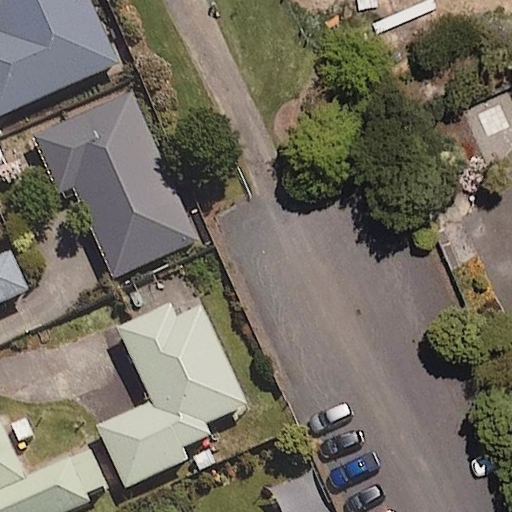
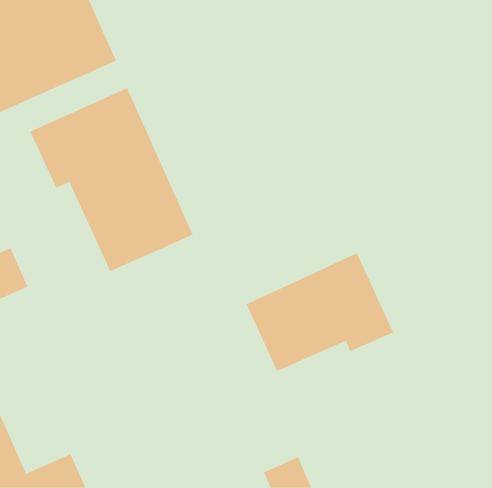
building: none -> [246,253,394,372]
building: [96,304,248,487] -> none

